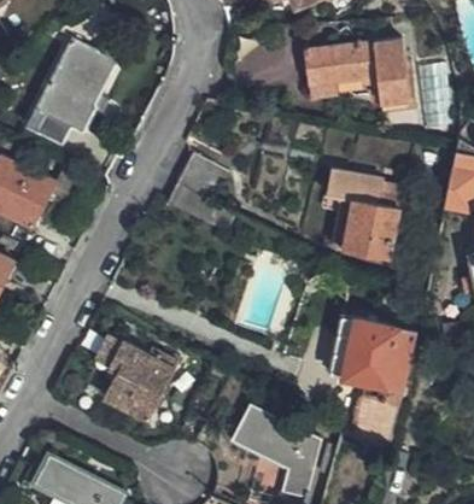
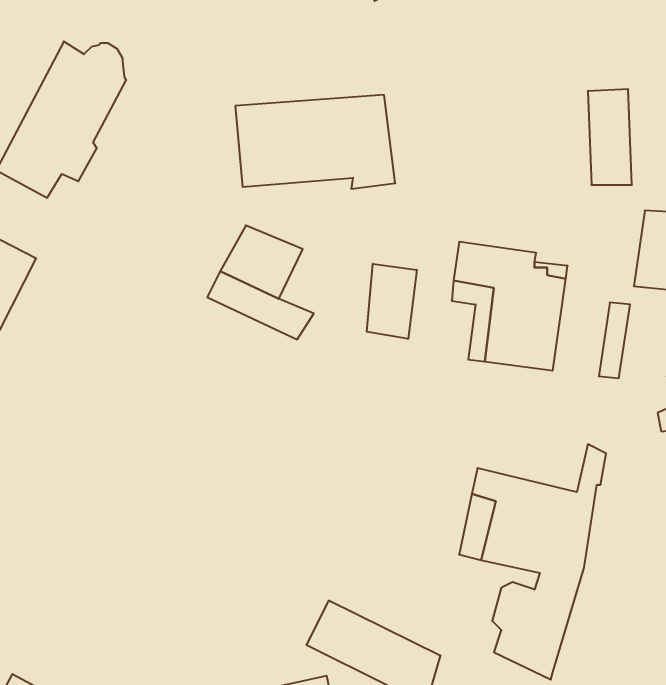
building: [299,39,404,100] -> [235,95,395,189]
building: none -> [367,264,417,339]
building: [105,346,180,423] -> none

